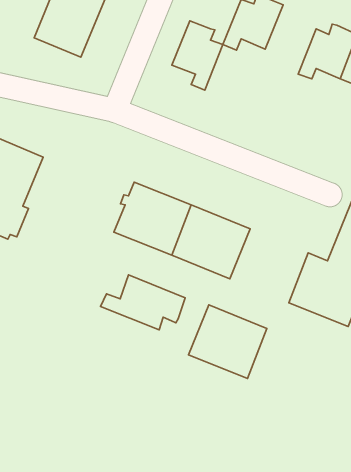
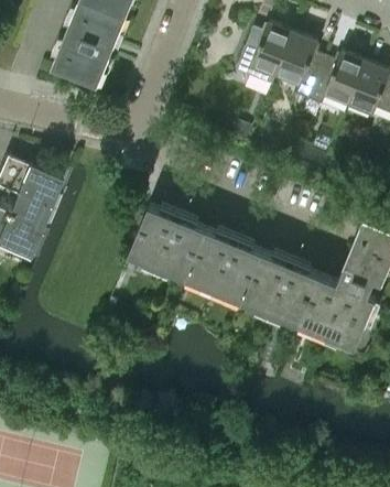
building: [172,21,223,90] -> [277,33,326,100]
building: [100,275,185,330] -> none
building: [188,305,267,379] -> [242,250,318,322]

